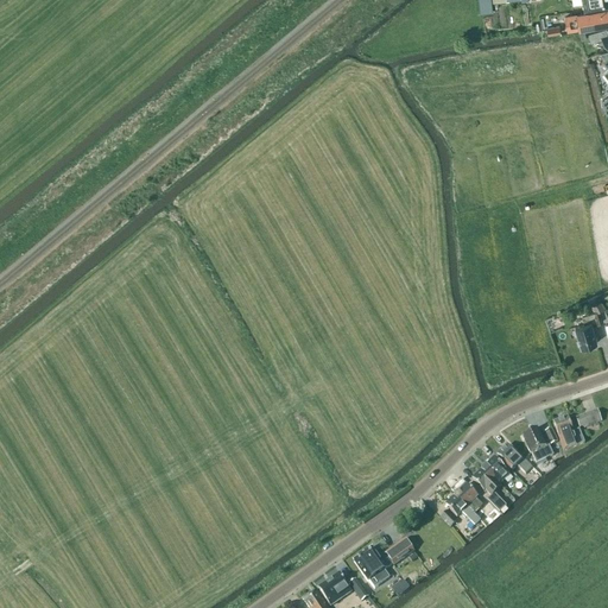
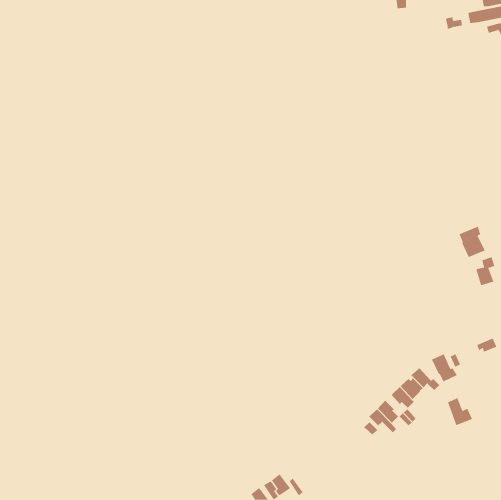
building: none -> [459,226,485,258]
building: [555,416,585,450] -> [447,397,473,426]
building: [354,538,414,581] -> none

